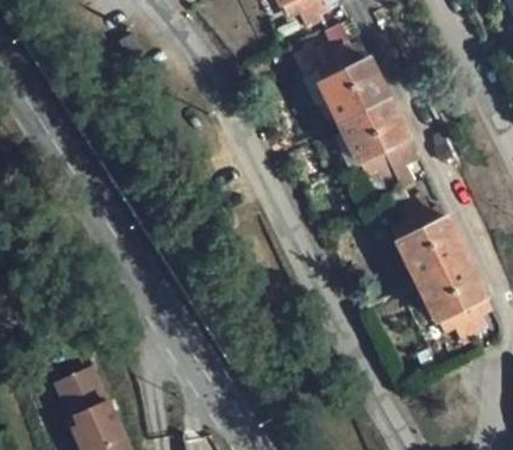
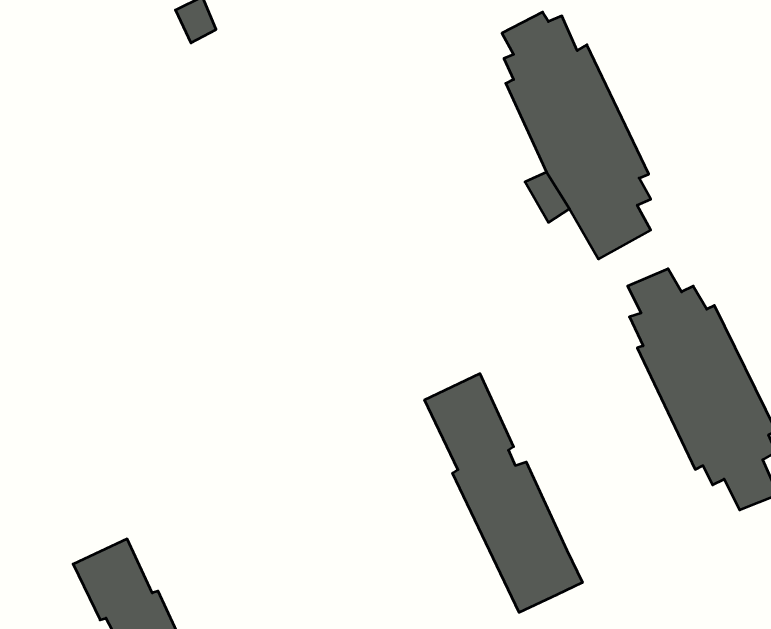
building: none -> [425,374,582,612]

